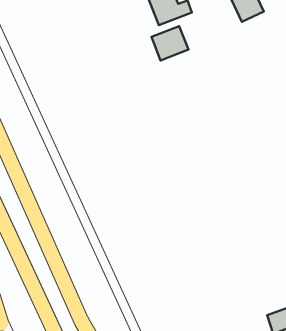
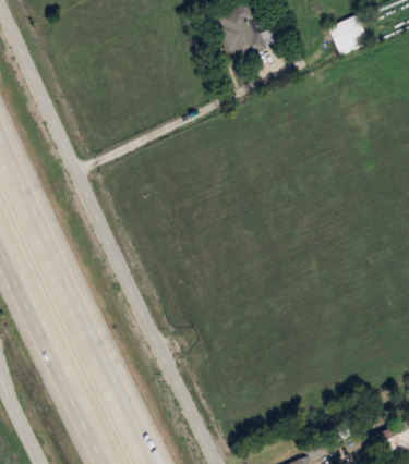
building: [151,26,188,60] -> none

